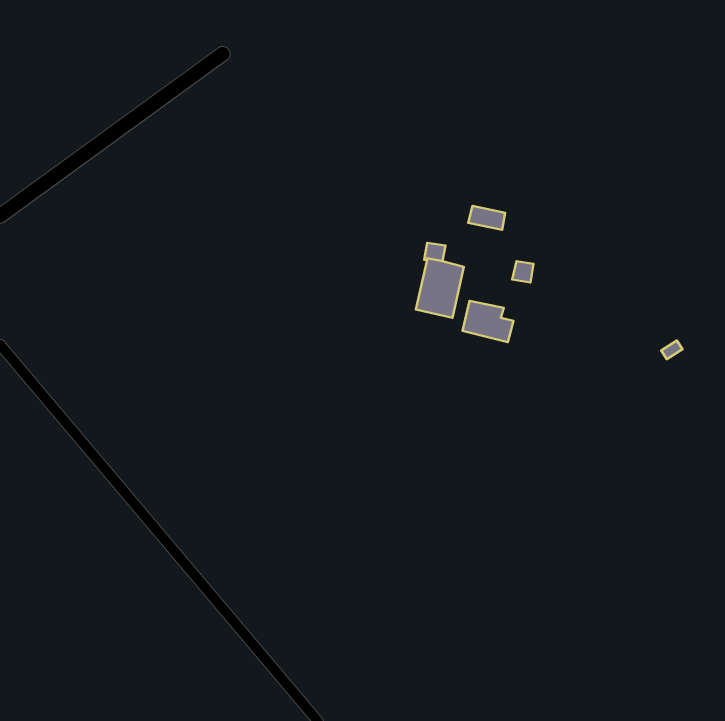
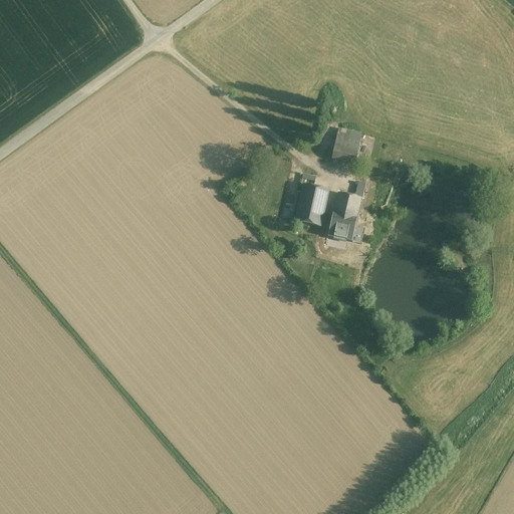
building: none -> [334,126,361,151]
building: none -> [332,191,360,218]

